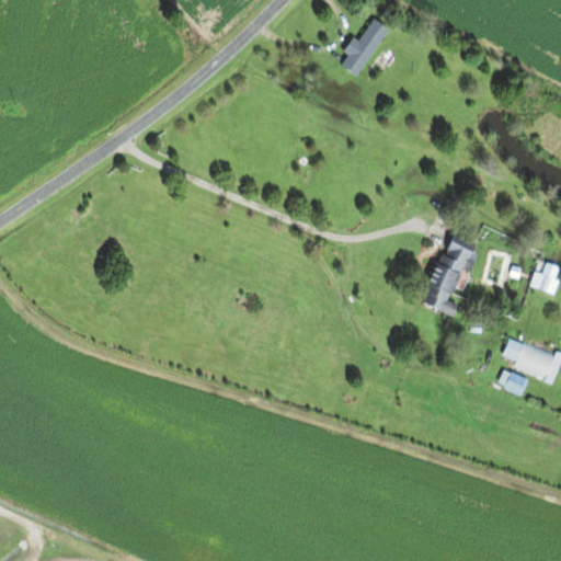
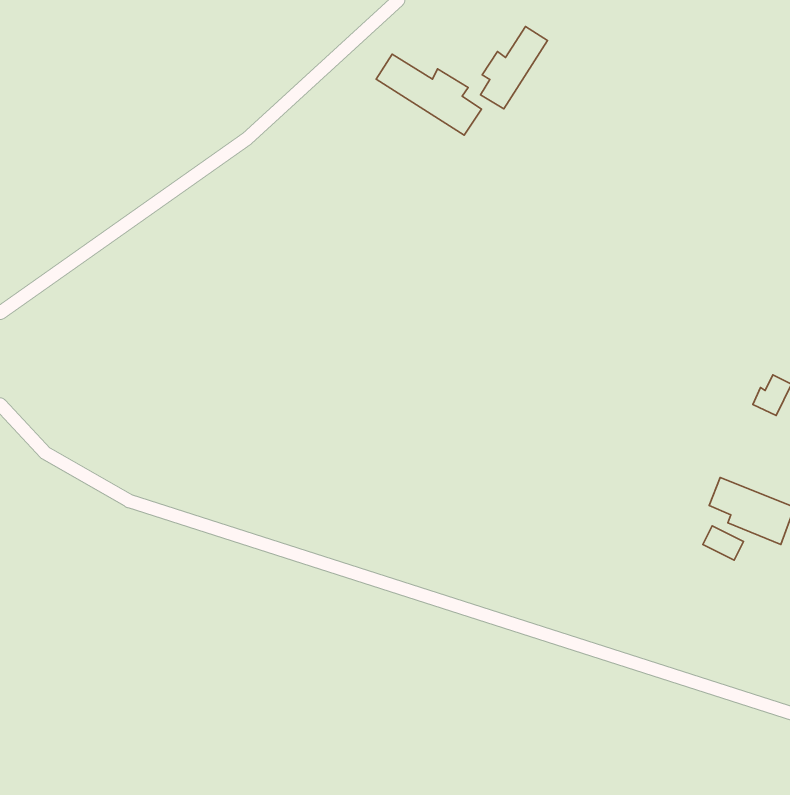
building: none -> [376,54,482,135]
building: [421,238,474,317] -> none

